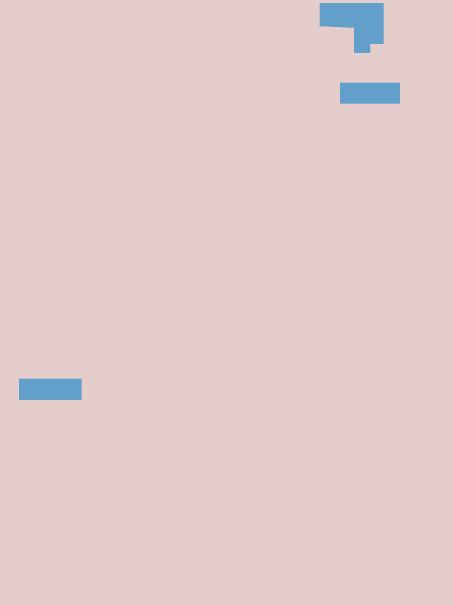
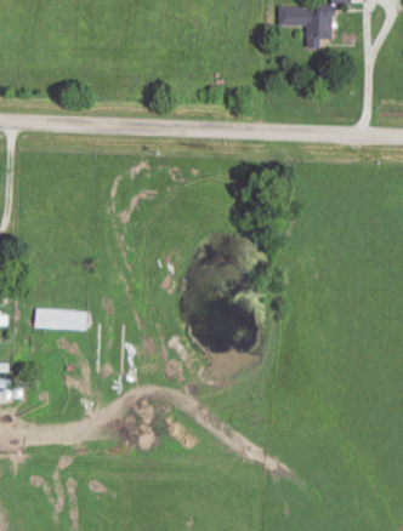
building: [340,82,401,104] -> none

